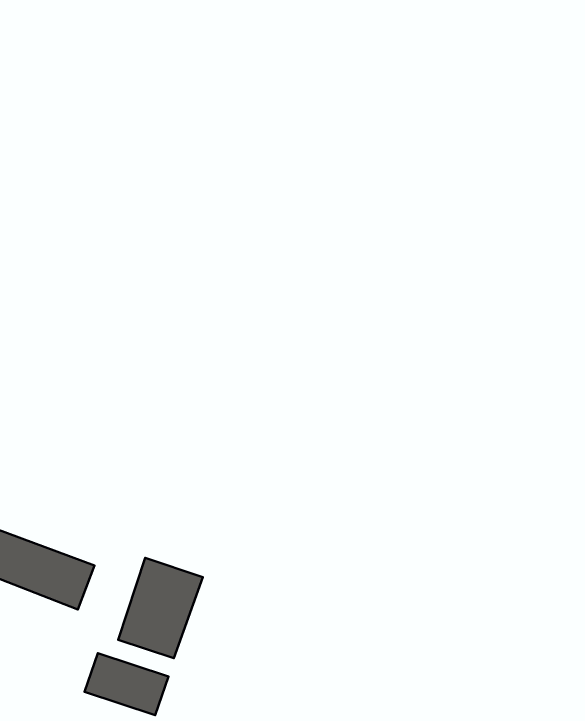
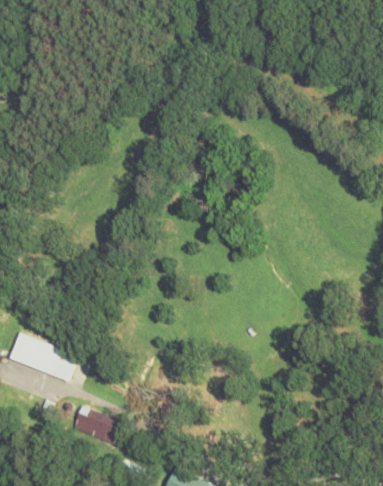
building: [118,558,203,658] -> none

